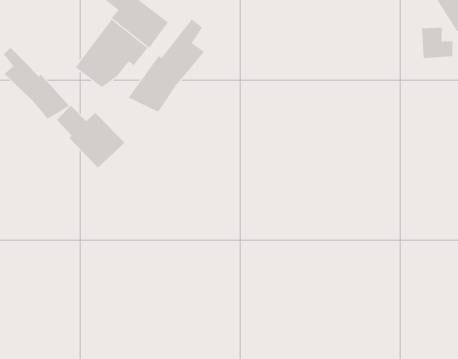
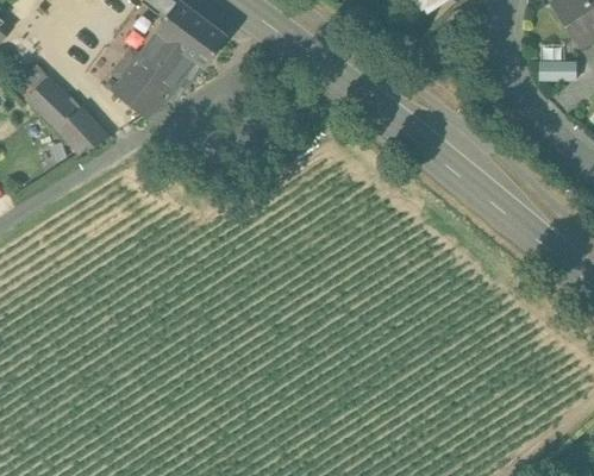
building: [128,18,205,112] -> none
building: [56,105,125,168] -> none

